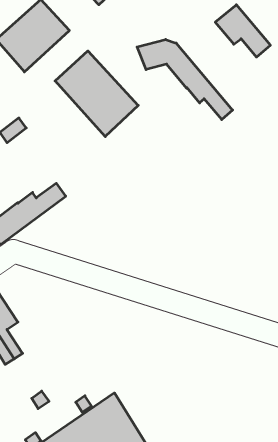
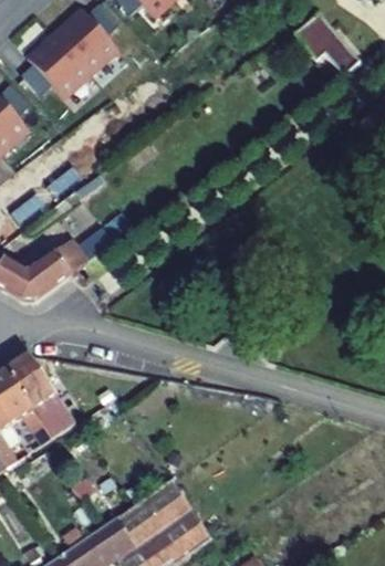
building: [137,39,233,120] -> none
building: [55,51,138,137] -> none

